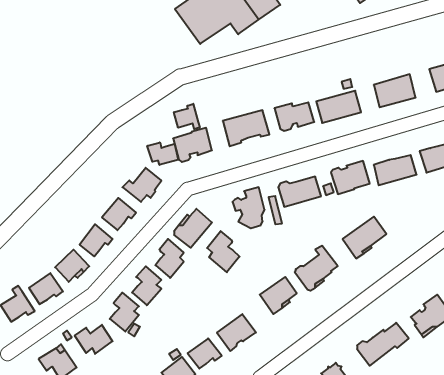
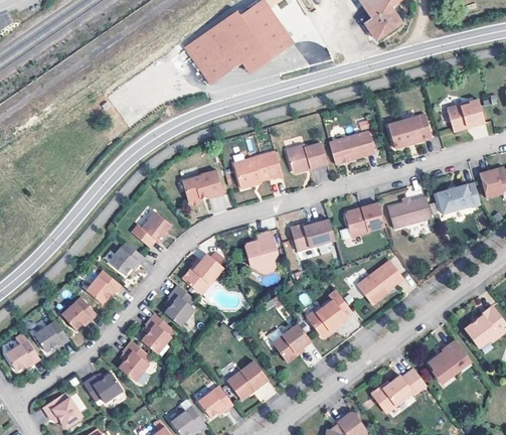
building: [174,104,200,129] -> none
building: [147,142,178,165] -> none
building: [207,231,240,272] -> none

